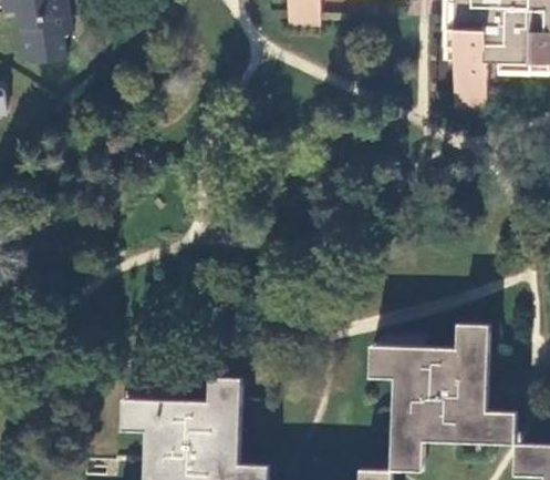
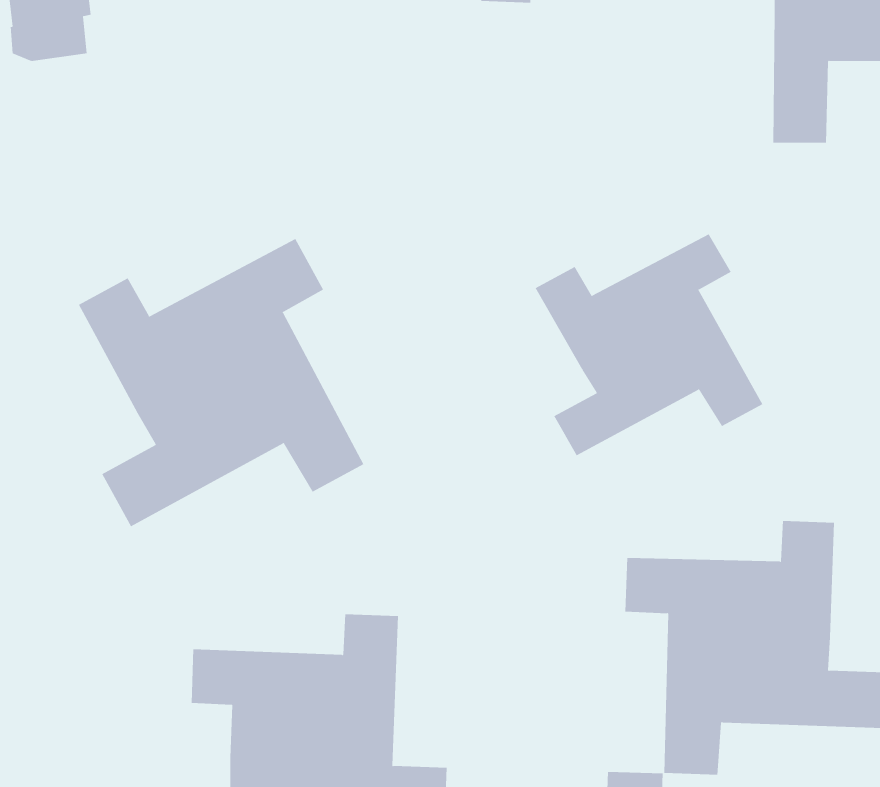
building: none -> [535,234,763,456]
building: none -> [78,238,364,527]

